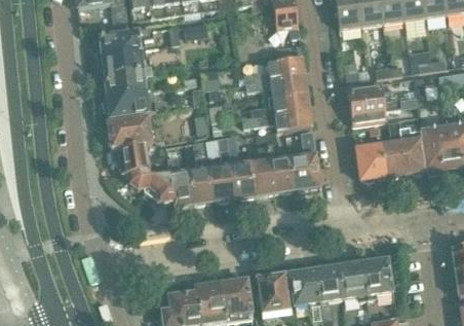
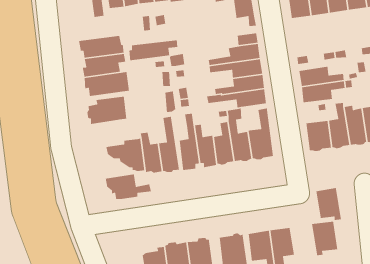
building: [96,28,153,52] -> [128,39,178,61]
building: [111,143,164,173] -> [105,174,152,200]
building: [338,260,368,298] -> [316,187,342,221]

